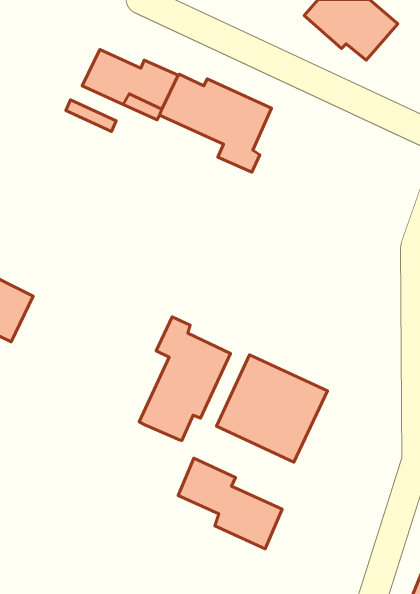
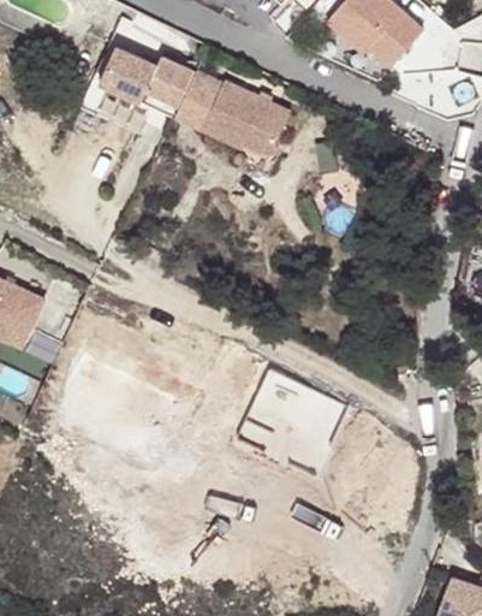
building: [139,317,230,440] -> none
building: [178,458,282,549] -> none

